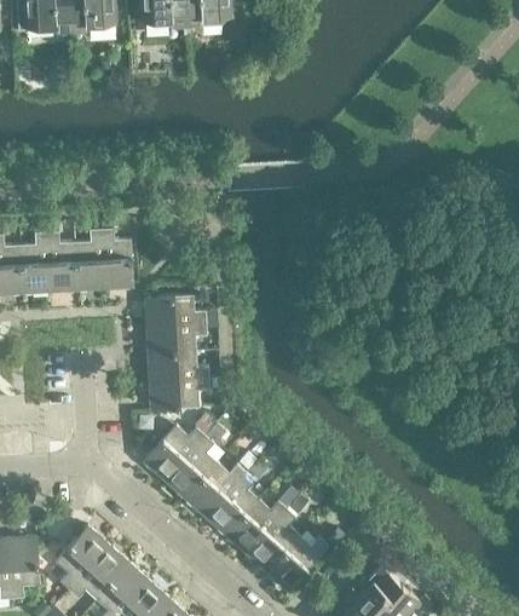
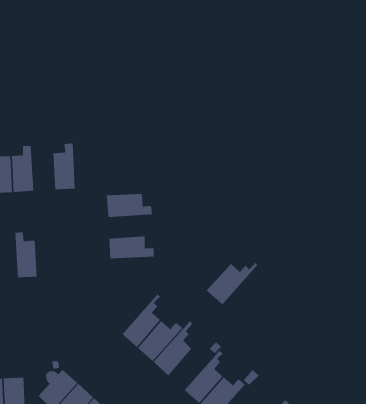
building: [103,228,134,288] -> none
building: [47,230,77,290] -> [14,232,37,278]
building: [148,322,208,353] -> none
building: [150,378,211,409] -> none
building: [144,422,213,479] -> [206,262,258,305]
building: [227,499,288,553] -> none

